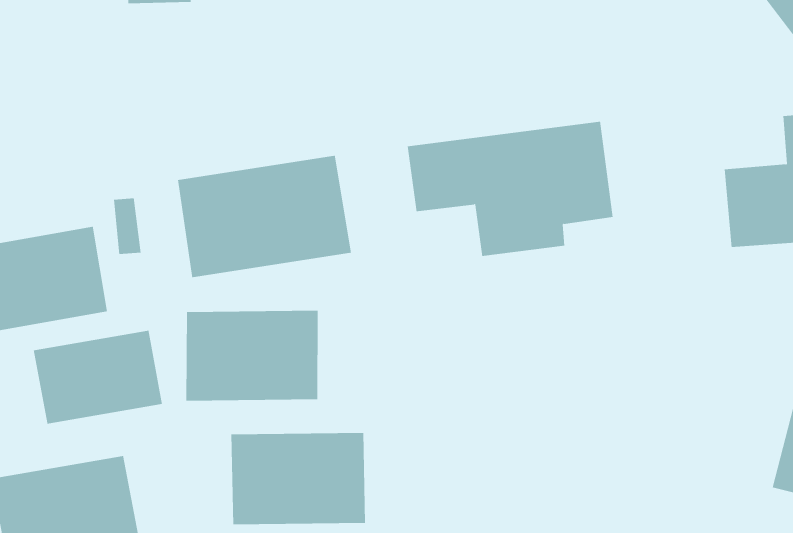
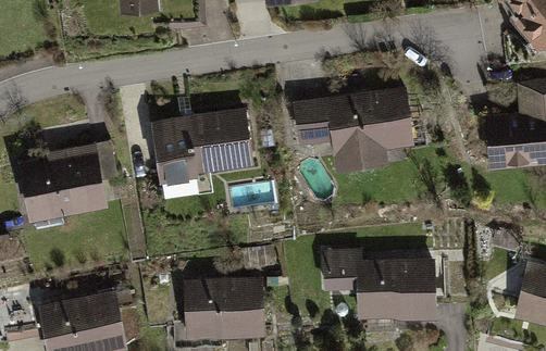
building: [186,310,318,402] -> none
building: [33,330,163,424] -> none
building: none -> [322,246,438,316]

